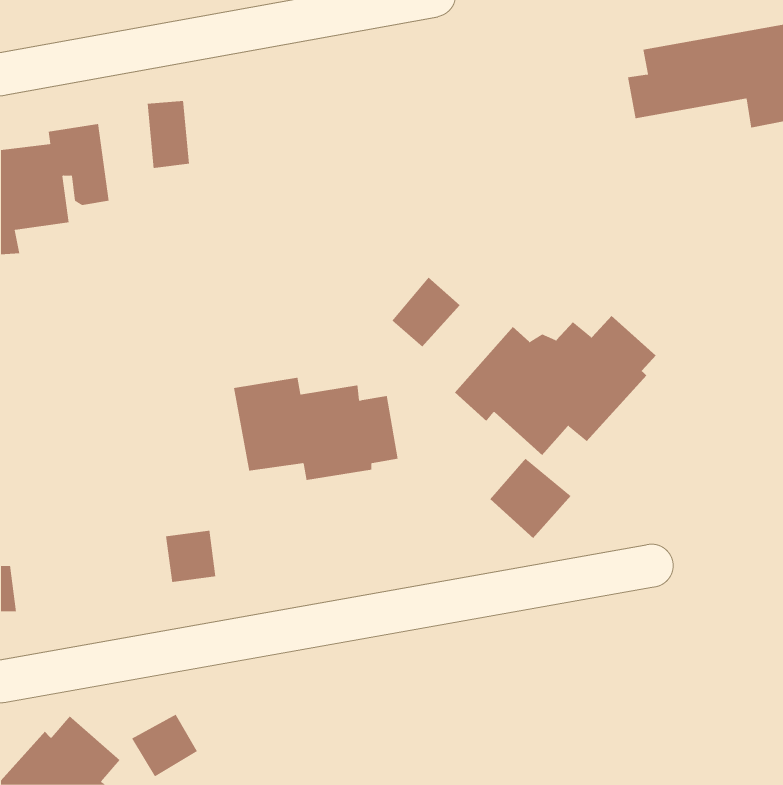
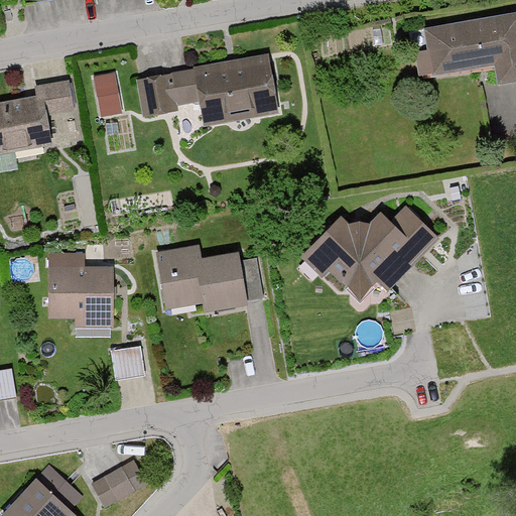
building: none -> [136,54,277,124]
building: [391,277,460,348] -> none
building: none -> [48,254,113,327]
building: [489,458,572,539] -> none

